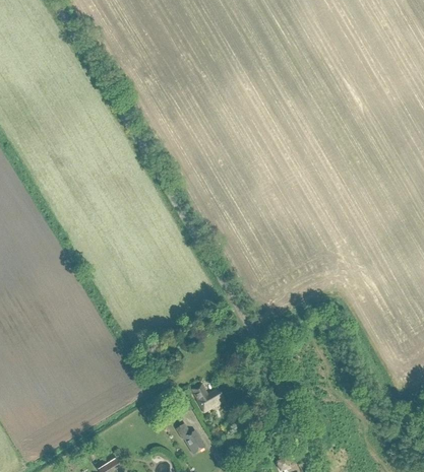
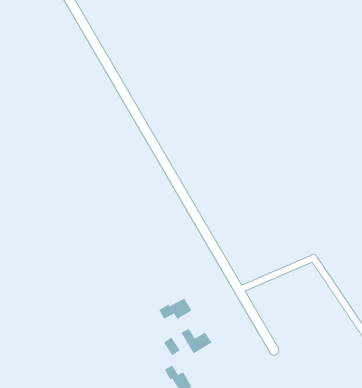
building: none -> [159,298,192,320]

